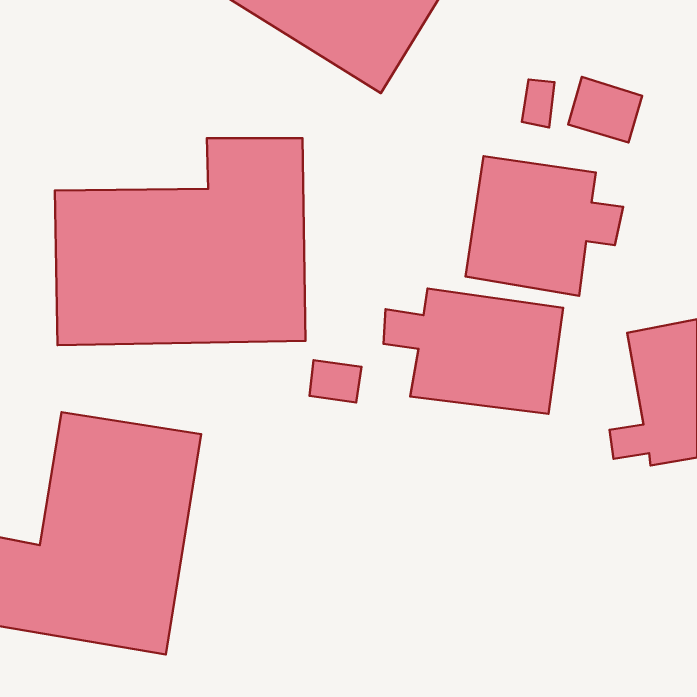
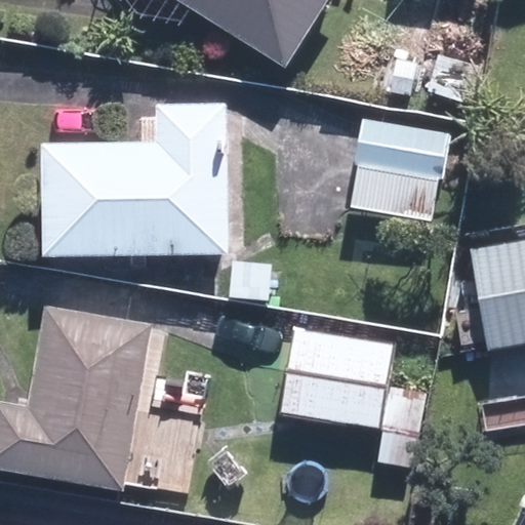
building: [384,289,563,414] -> none
building: none -> [280,326,426,472]

